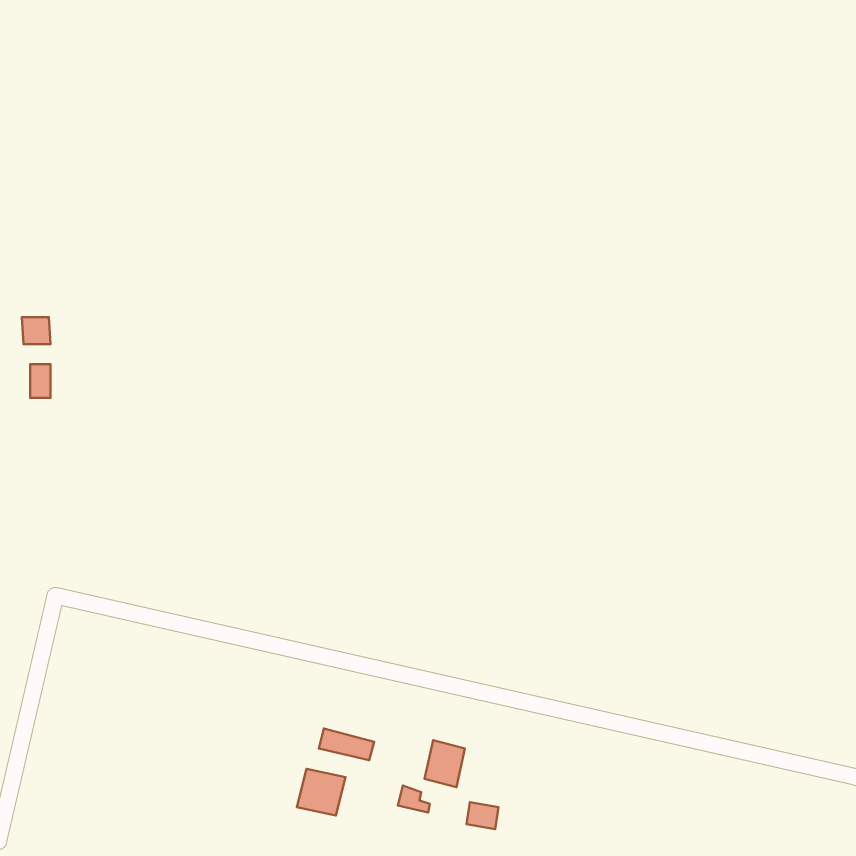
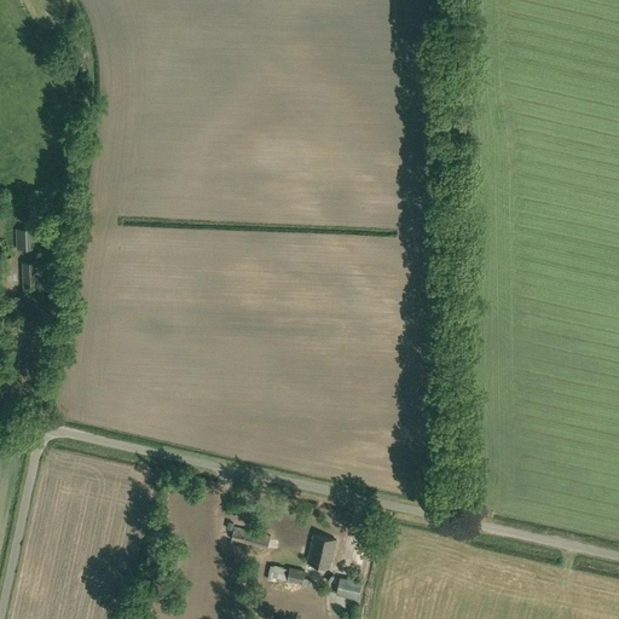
building: [297,769,345,815] -> none

